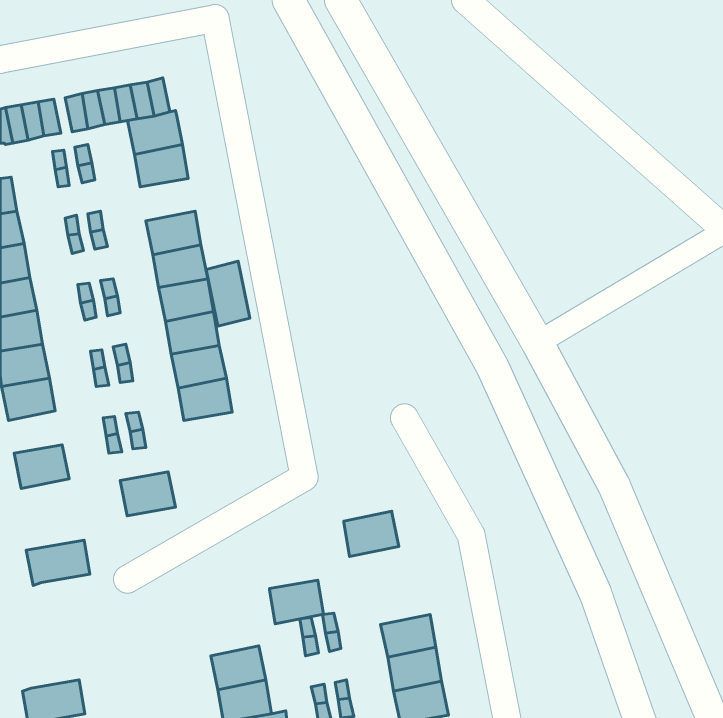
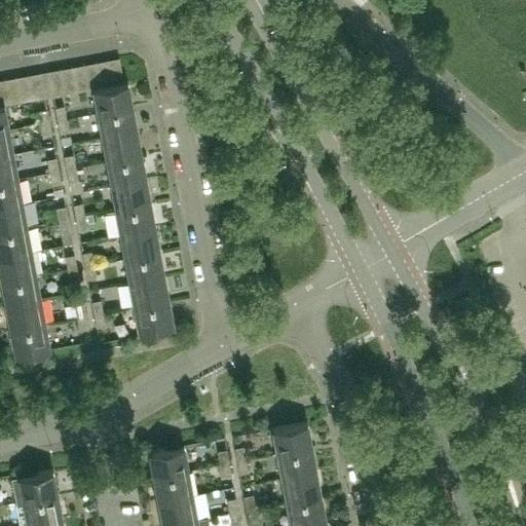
building: none -> [102,134,142,164]
building: [206,261,250,326] -> none
building: none -> [6,302,45,333]
building: [120,472,175,516] -> [134,303,174,335]
building: [344,511,399,556] -> [272,424,312,457]
building: [26,540,90,585] -> [11,473,58,505]
building: [270,580,323,624] -> [149,448,188,480]

